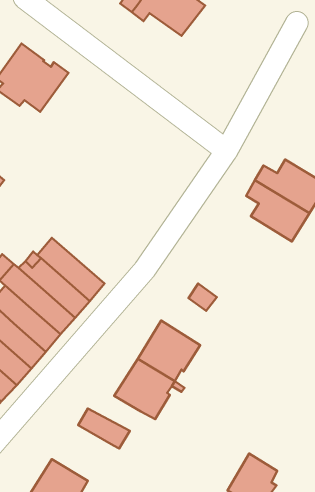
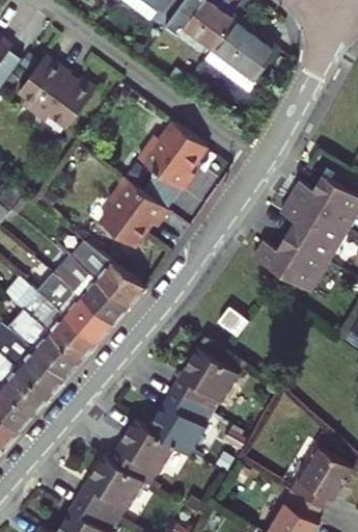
building: none -> [205,12,278,85]
building: none -> [139,124,209,193]
building: none -> [101,180,170,249]
building: none -> [254,237,330,294]
building: none -> [75,244,148,309]
building: none -> [113,420,169,466]
building: none -> [284,446,347,508]
building: none -> [75,456,140,518]

